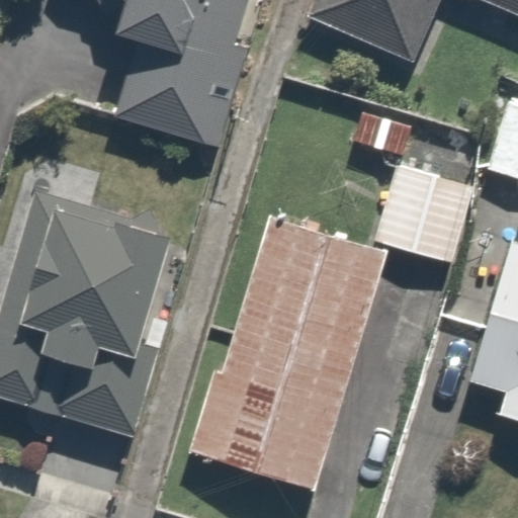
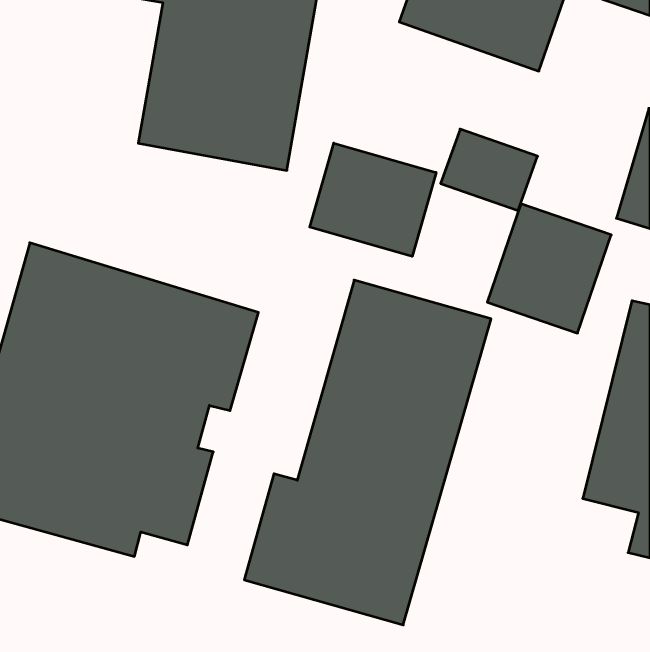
building: none -> [310,143,436,256]

